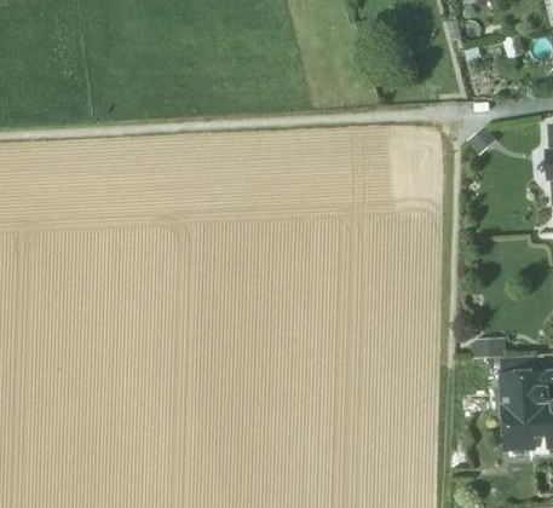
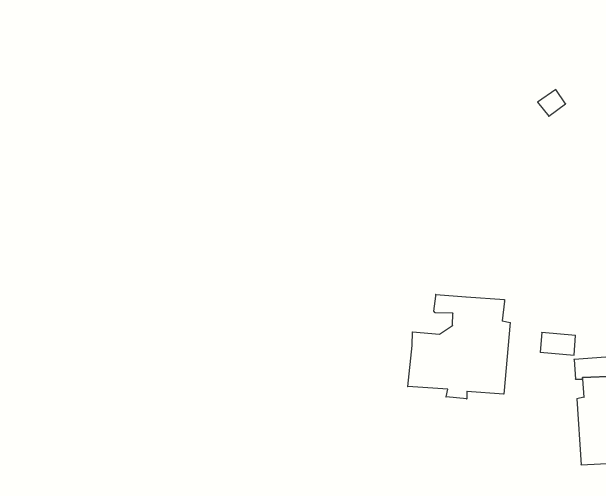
building: none -> [408,294,510,399]

